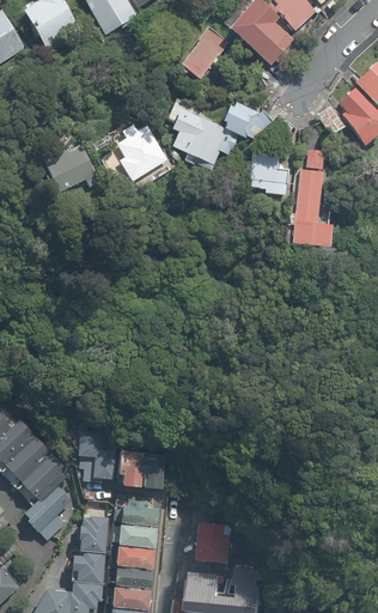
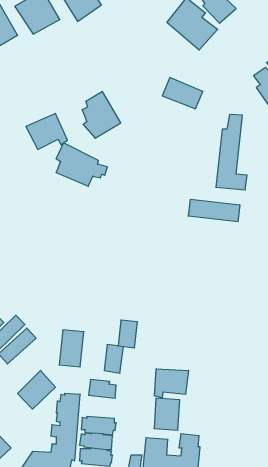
building: [177,26,226,79] -> none
building: [166,110,233,166] -> [56,143,108,186]
building: [243,153,282,196] -> none
building: none -> [188,199,240,222]
building: [16,442,75,500] -> none
building: [120,448,145,484] -> [118,320,137,348]
building: none -> [155,369,188,398]
building: [118,516,156,544] -> none

